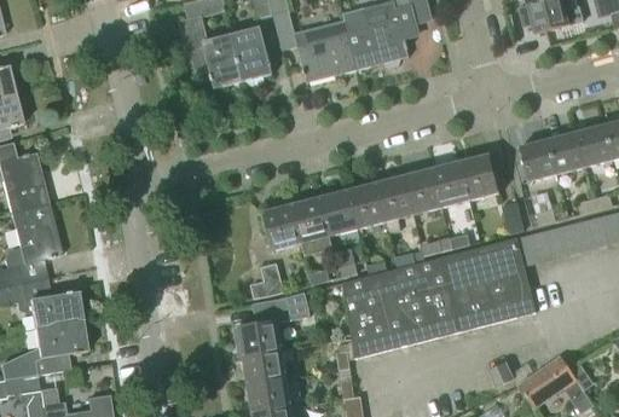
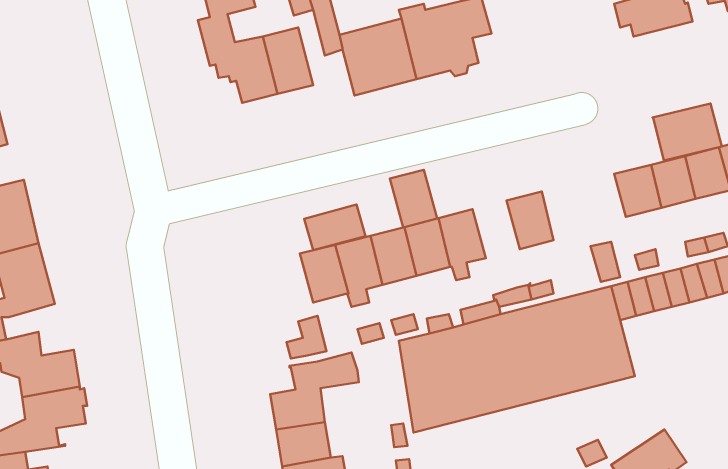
building: none -> [653,103,722,160]
building: [459,154,498,201] -> none
building: [403,168,441,215] -> [390,170,437,227]
building: none -> [304,205,365,250]

